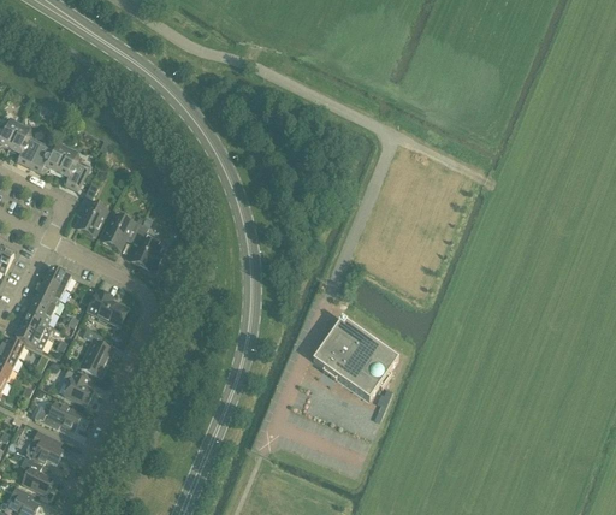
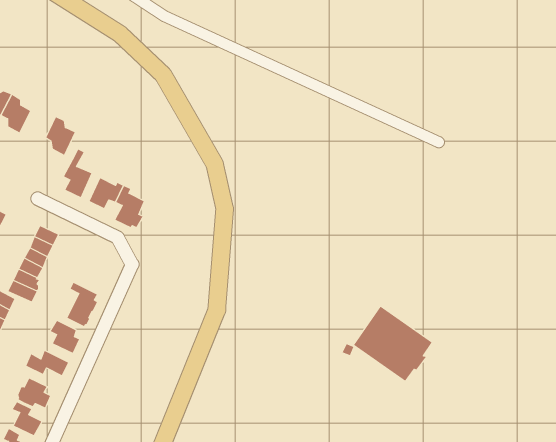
building: [28,142,66,172] -> none
building: [87,290,128,326] -> none
building: [312,318,397,399] -> [353,306,432,381]

